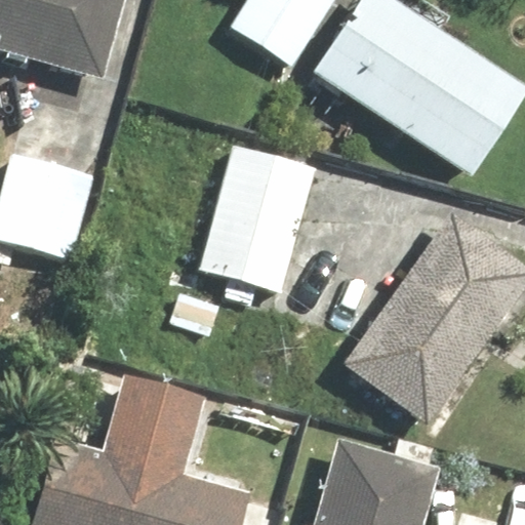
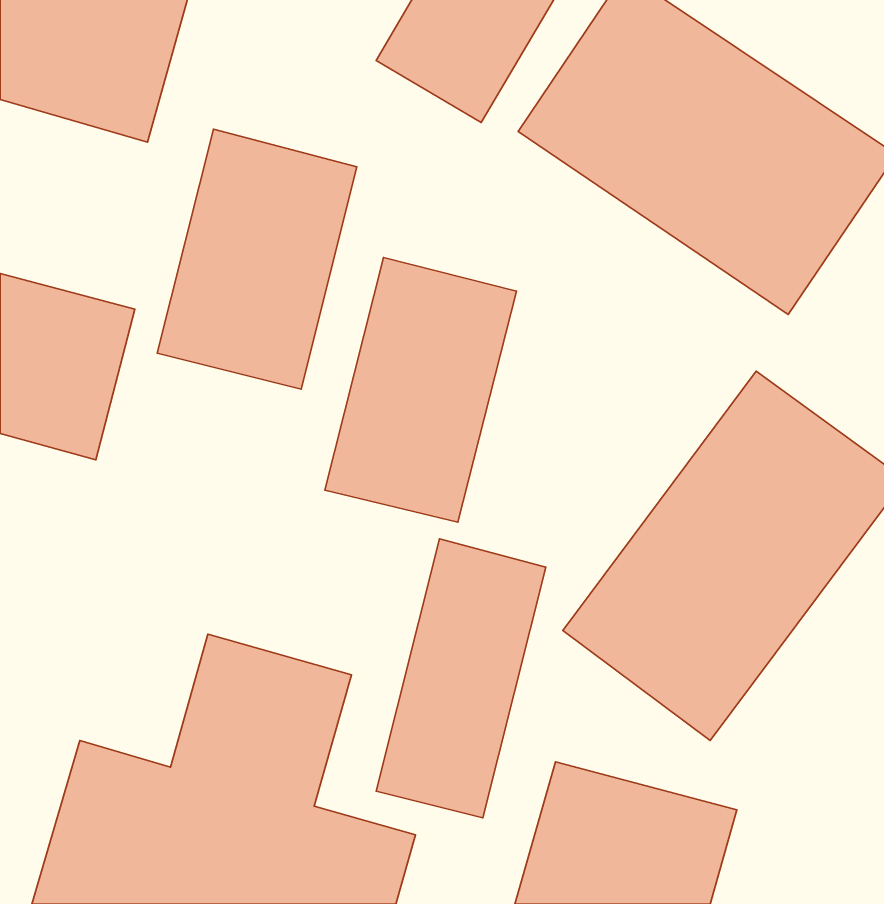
building: none -> [157,129,357,389]
building: none -> [376,539,546,818]

